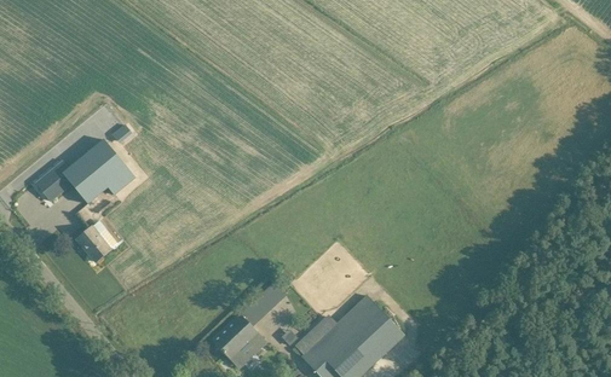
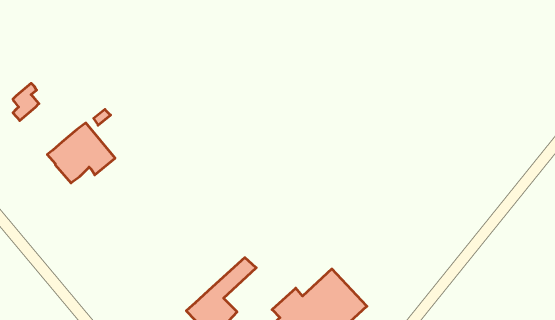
building: [42,161,70,201] -> [13,83,39,121]
building: [76,220,109,261] -> none

